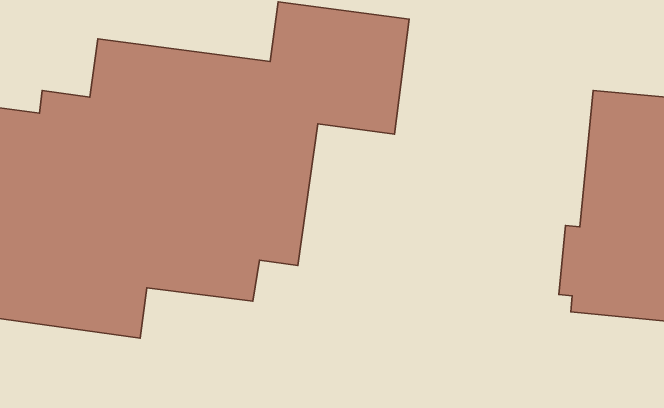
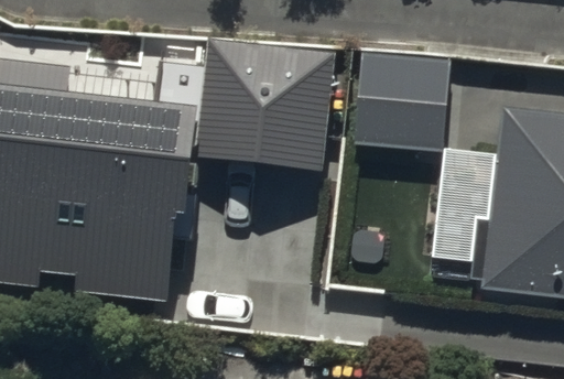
building: none -> [354,50,448,148]

